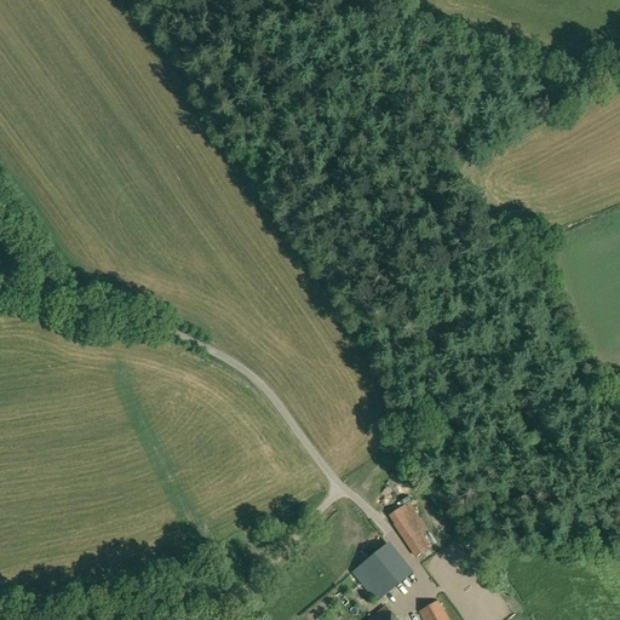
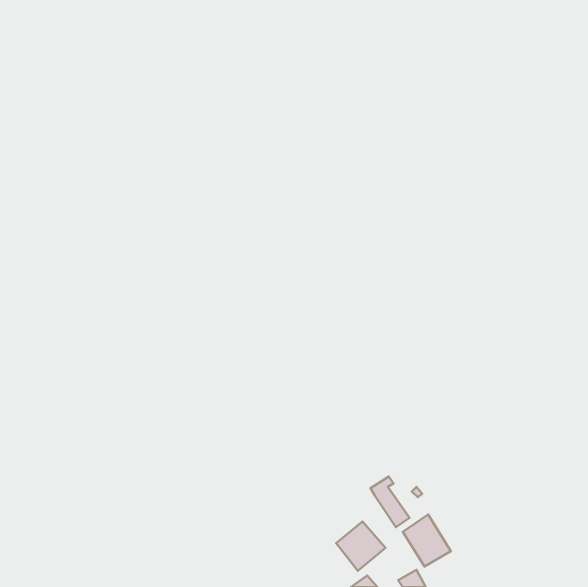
building: none -> [403,515,451,567]

